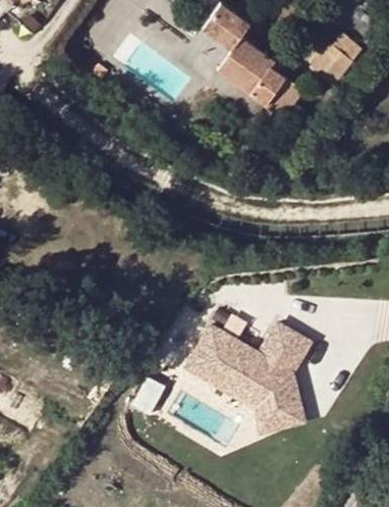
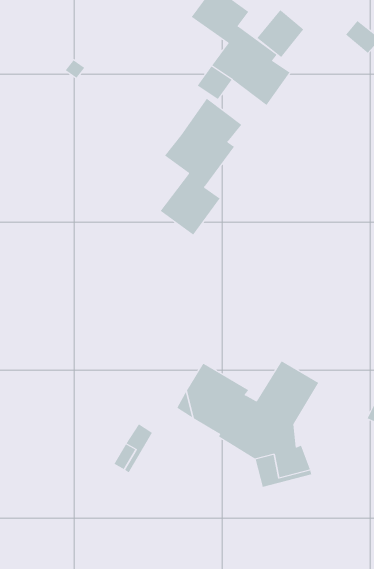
building: [312,43,352,85] -> [257,9,304,58]
building: none -> [160,98,242,235]

